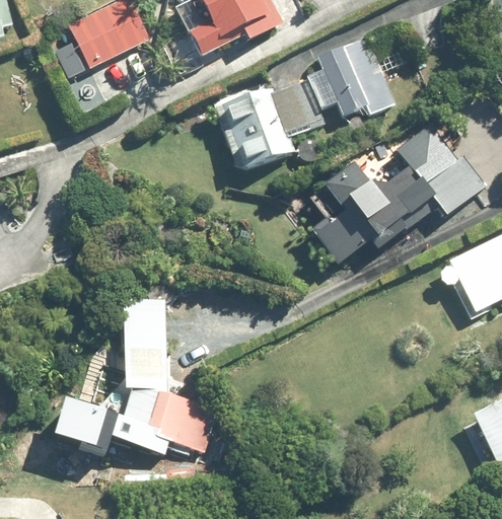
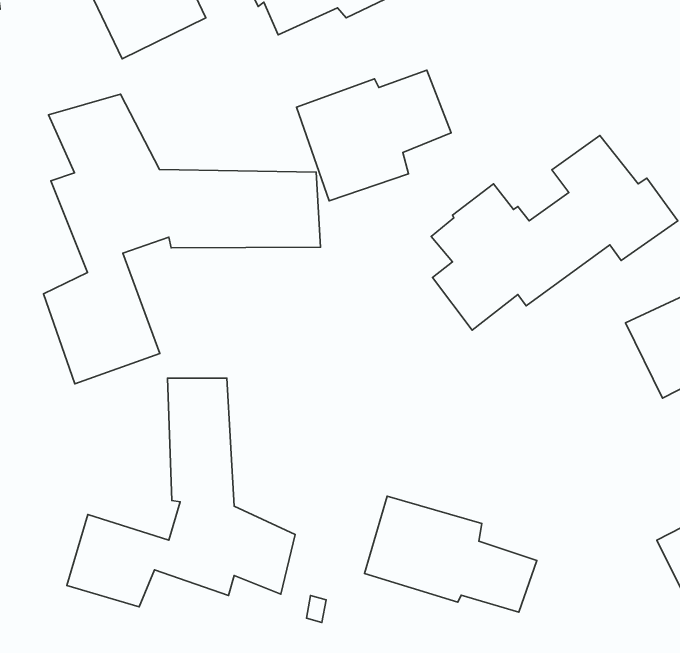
building: [306,36,396,117] -> none
building: none -> [43,94,321,384]
building: none -> [365,496,537,612]

